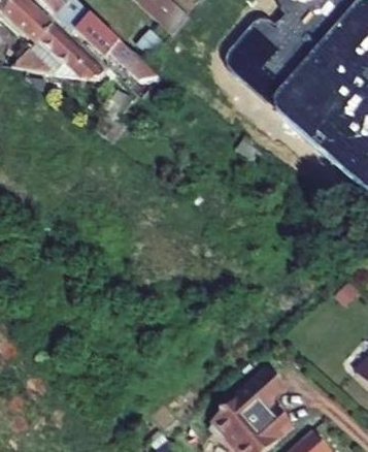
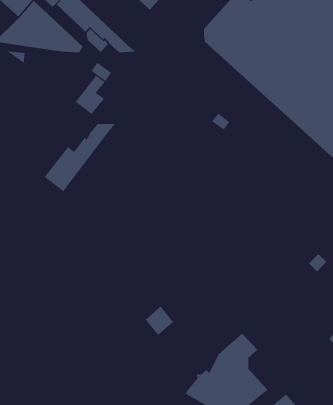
building: none -> [44,123,116,192]

